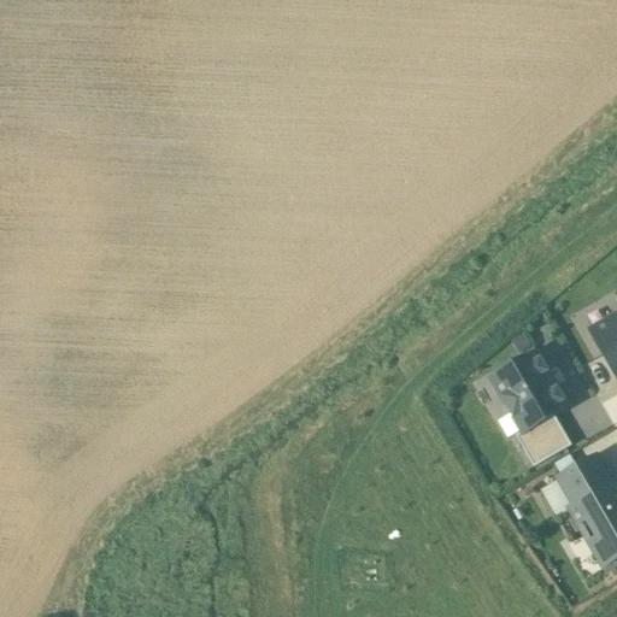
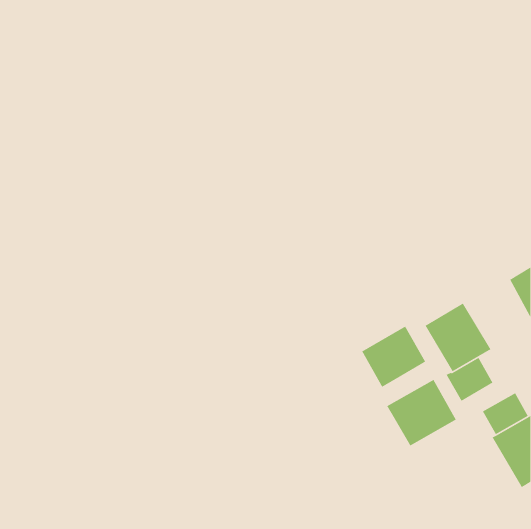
building: none -> [361,326,427,388]
building: none -> [386,379,457,447]

